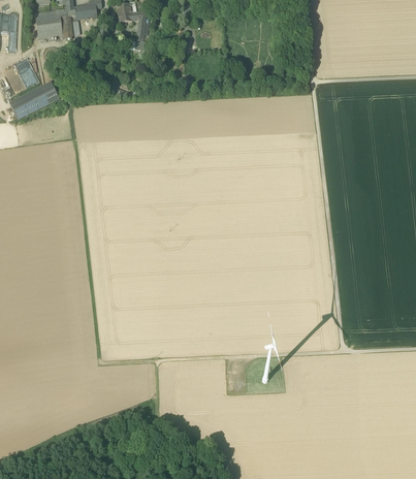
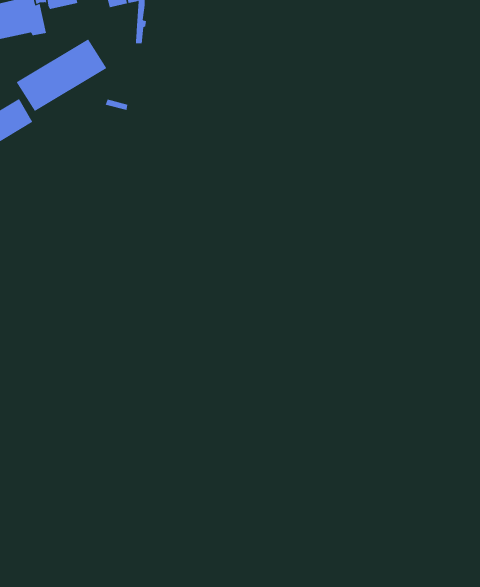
building: none -> [16,38,107,112]

